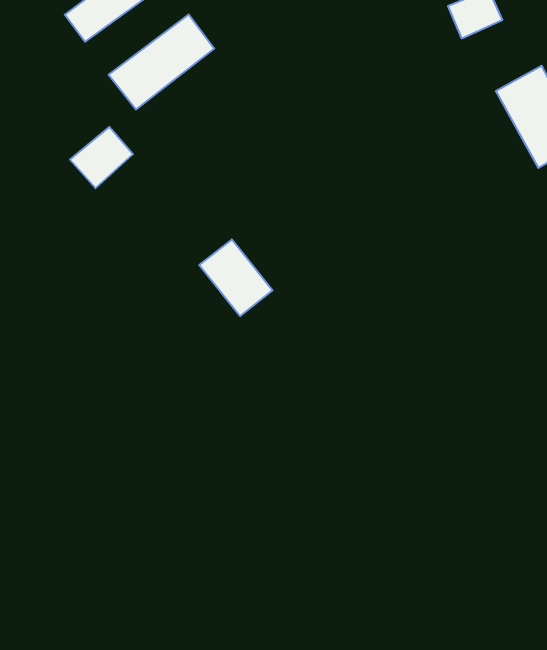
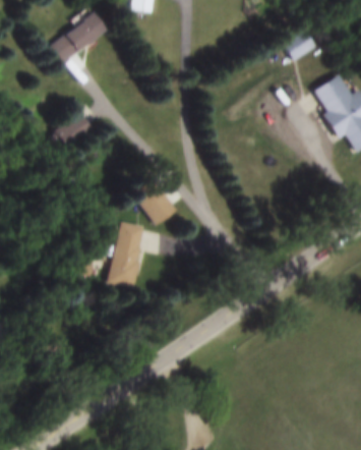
building: [108,14,214,109] -> none
building: none -> [109,222,145,288]

